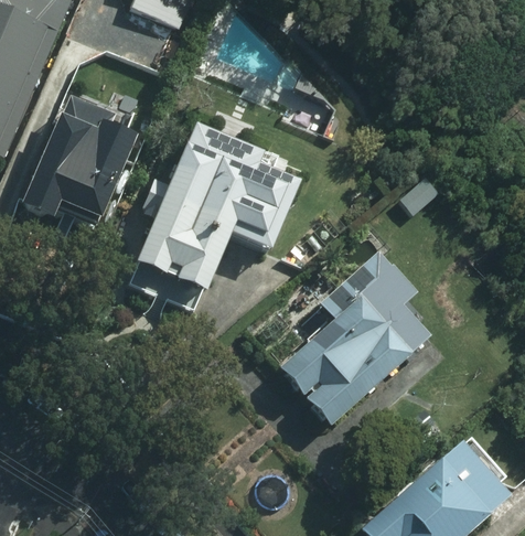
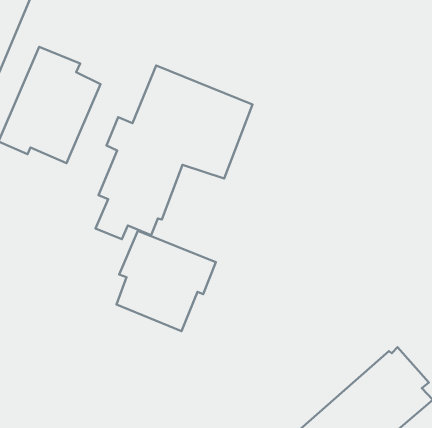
building: [279,250,430,425] -> none
building: none -> [116,231,216,331]

